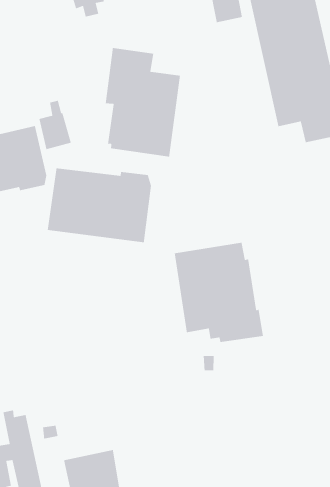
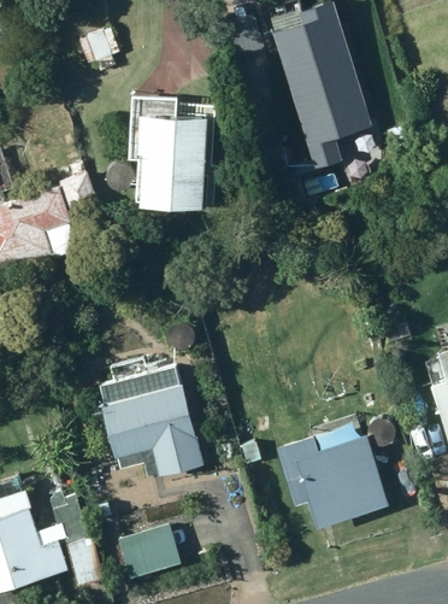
building: [47,167,152,243] -> none
building: [174,242,264,343] -> [101,366,204,475]
building: none -> [294,435,388,527]

